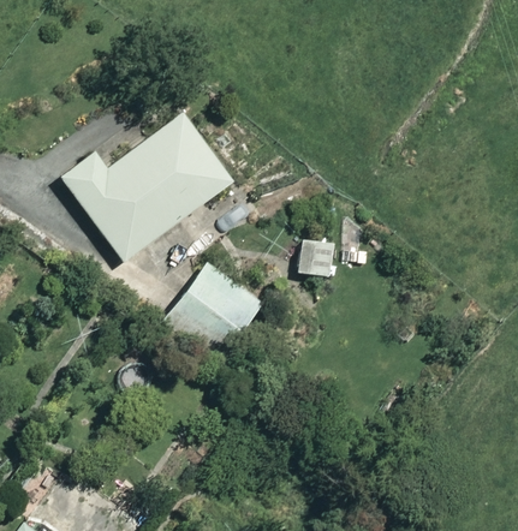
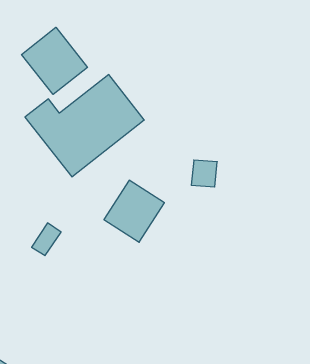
building: none -> [22,27,87,94]

